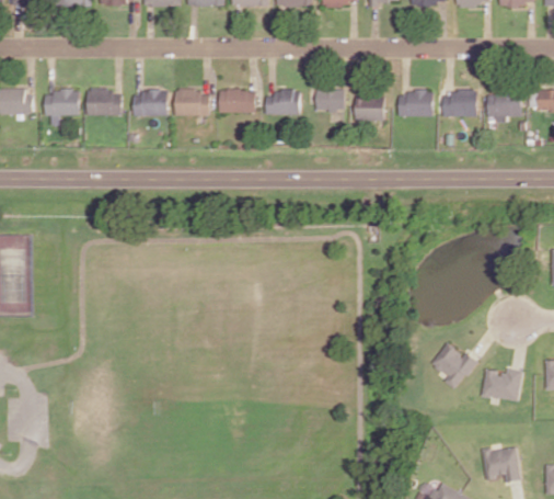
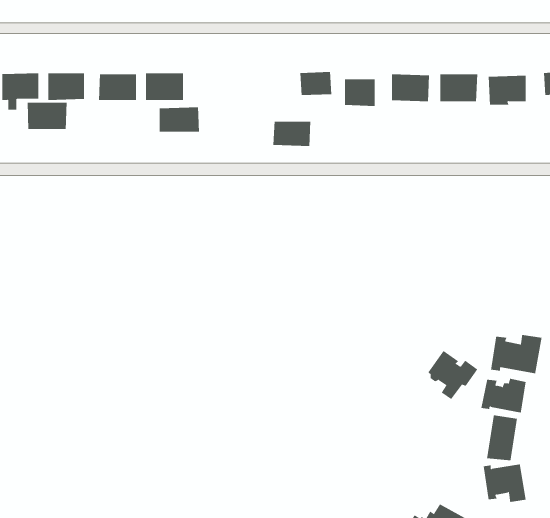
building: [219,90,256,113] -> [159,107,200,132]
building: [266,92,301,115] -> [273,121,311,146]
building: none -> [27,102,67,130]
building: none -> [490,334,542,374]
building: none -> [487,414,517,461]

